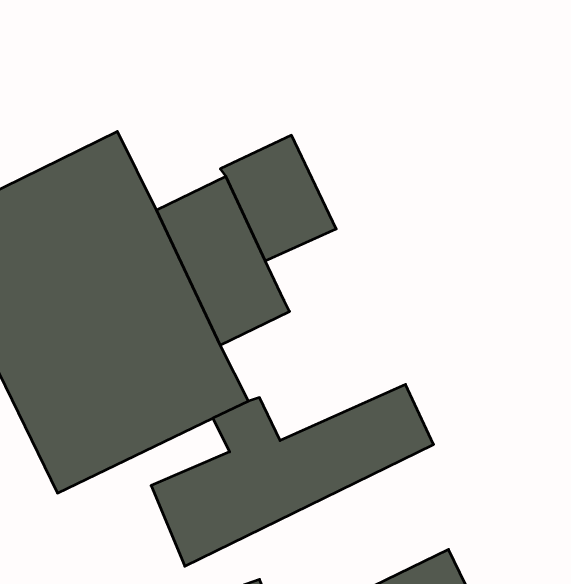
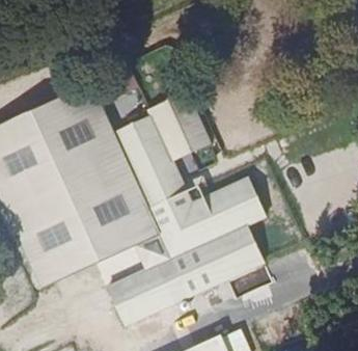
building: none -> [142,173,264,260]

